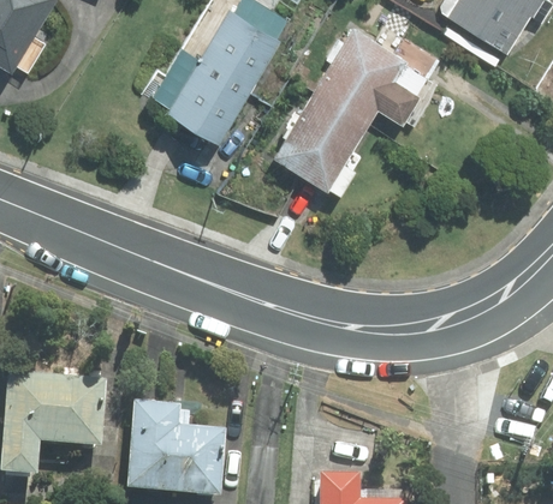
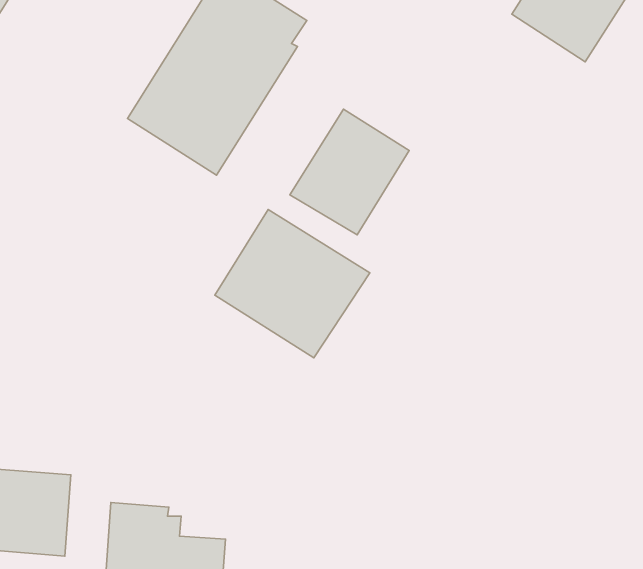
building: [316,32,428,124] -> none
building: none -> [215,210,370,358]

